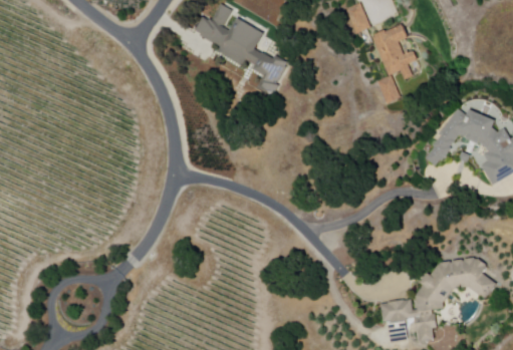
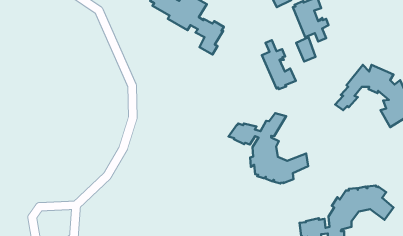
building: none -> [262,40,296,89]
building: none -> [229,113,308,184]

